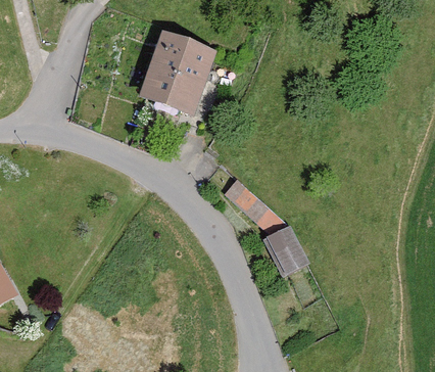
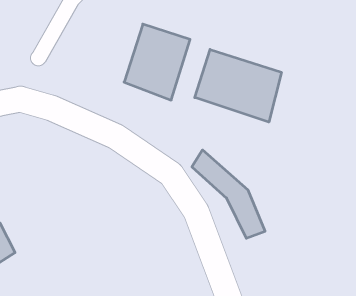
building: none -> [195,49,281,122]

